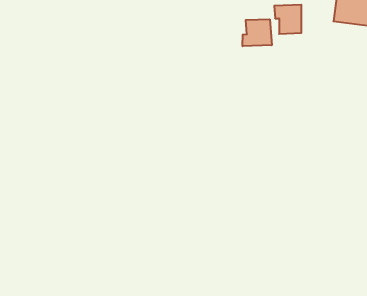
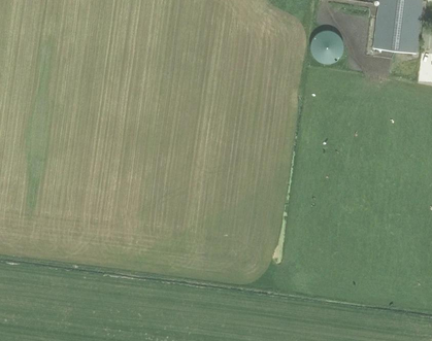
building: [243,19,272,46] -> none

